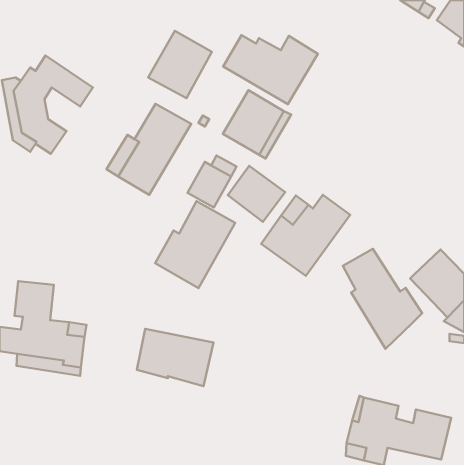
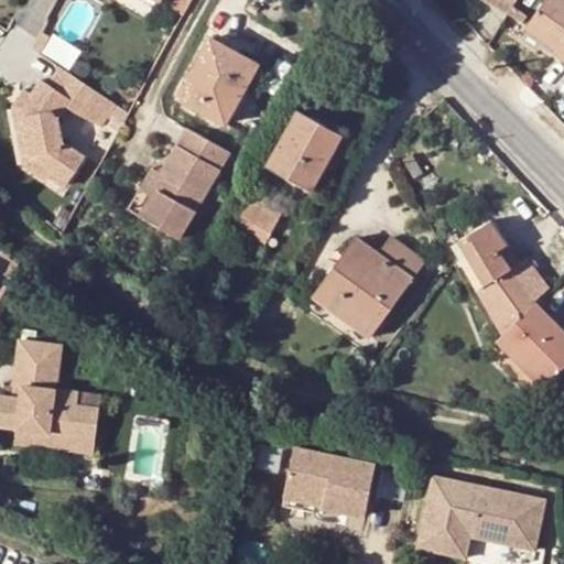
building: [223,35,318,104] -> none
building: [228,166,285,222] -> none
building: [155,201,235,288] -> none
building: [343,249,422,349] -> [449,212,545,333]
building: [137,329,213,386] -> [288,448,380,518]

